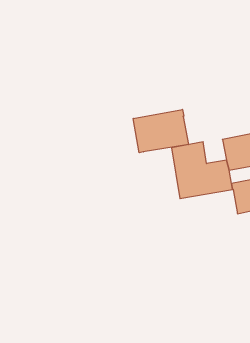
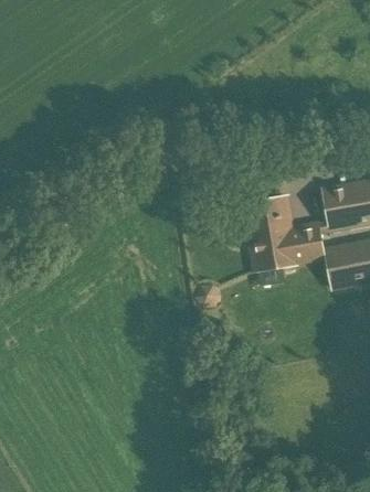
building: [133,109,189,153] -> none

